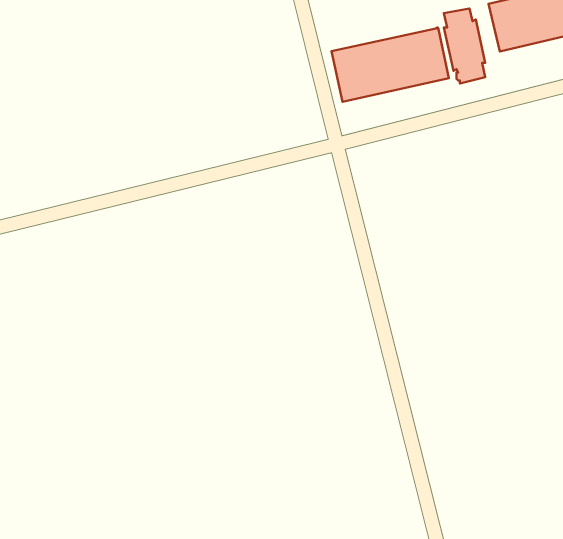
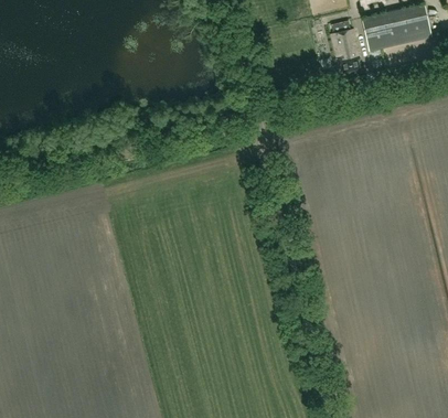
building: [331,28,449,102] -> none

